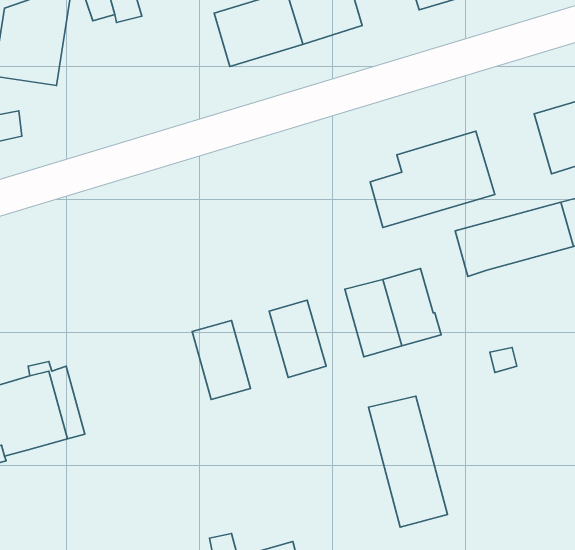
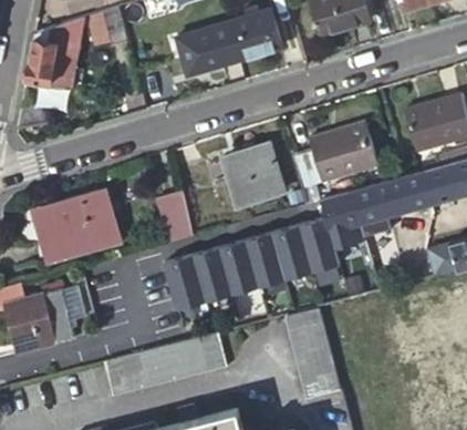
building: none -> [218,143,274,204]
building: none -> [34,190,118,263]
building: none -> [158,192,196,244]
building: none -> [318,192,362,249]
building: none -> [243,233,283,287]
building: none -> [190,248,230,303]
building: none -> [103,332,225,397]

